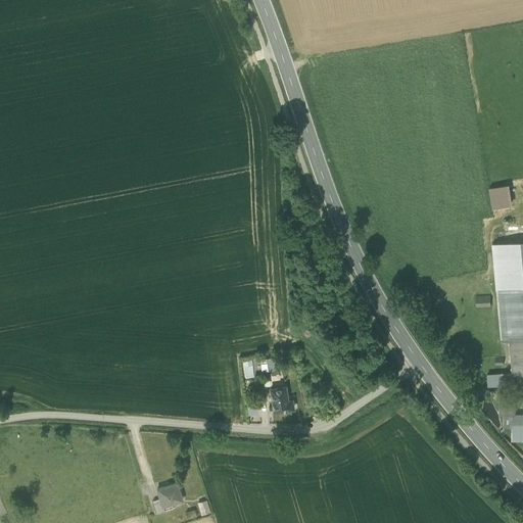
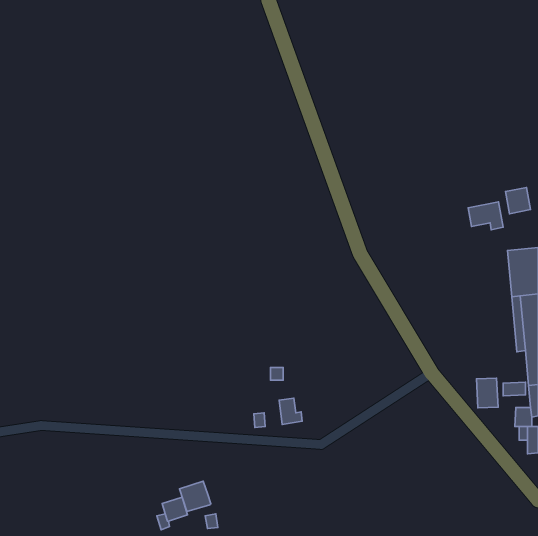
building: none -> [468,202,503,230]
building: none -> [477,378,498,408]
building: none -> [179,481,211,511]

